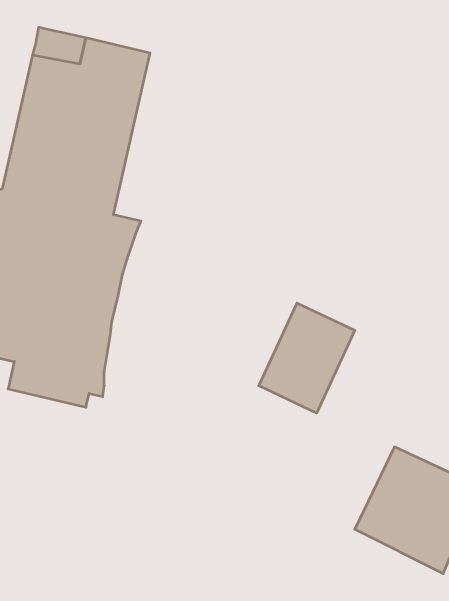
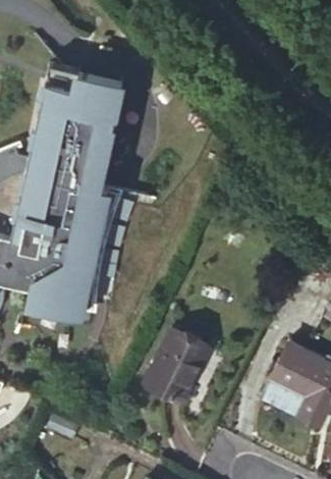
building: [259,303,355,413] -> [145,331,209,405]

